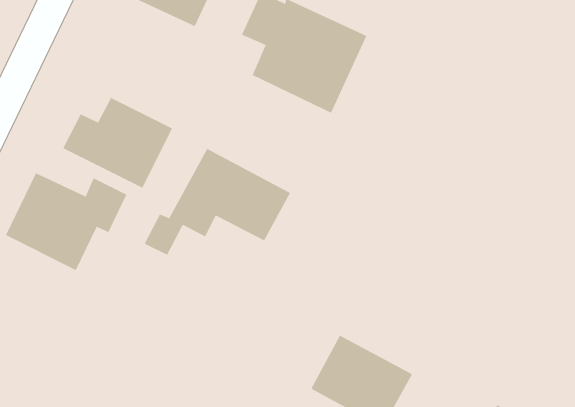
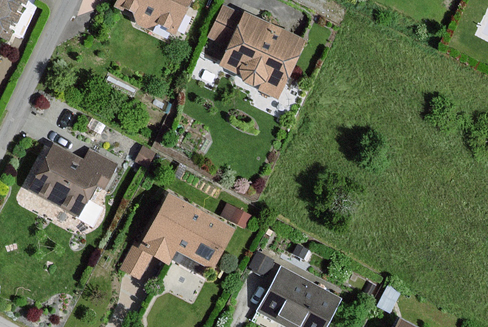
building: [62,97,173,188] -> none
building: [144,148,291,256] -> [121,195,233,277]

